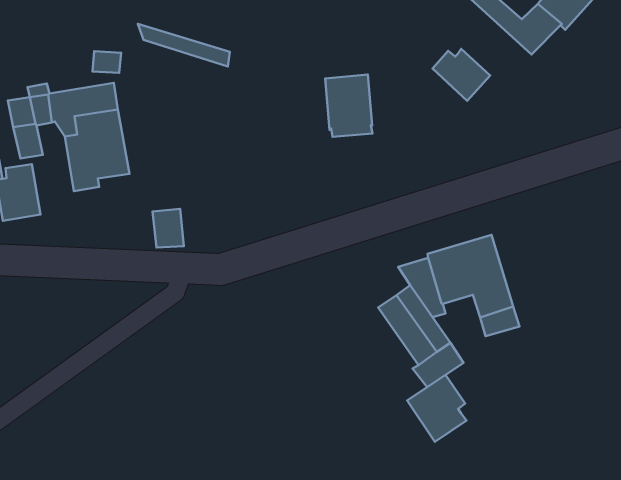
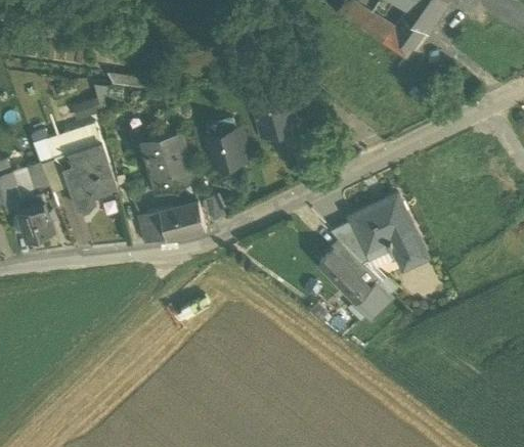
building: [432,49,490,101] -> none
building: none -> [142,134,193,194]
building: none -> [207,127,246,172]
building: none -> [160,202,206,240]
building: [407,375,467,442] -> none

